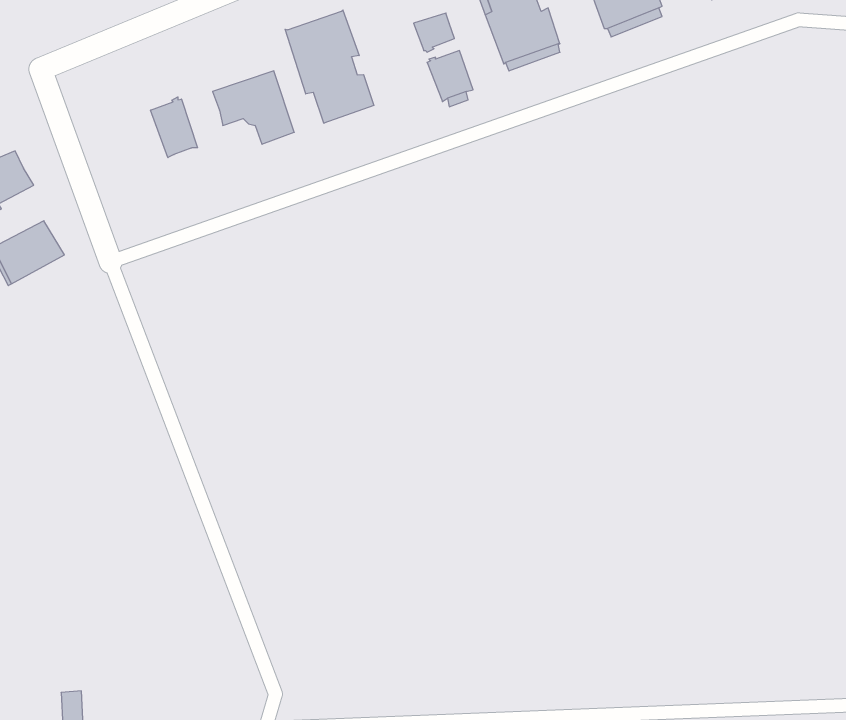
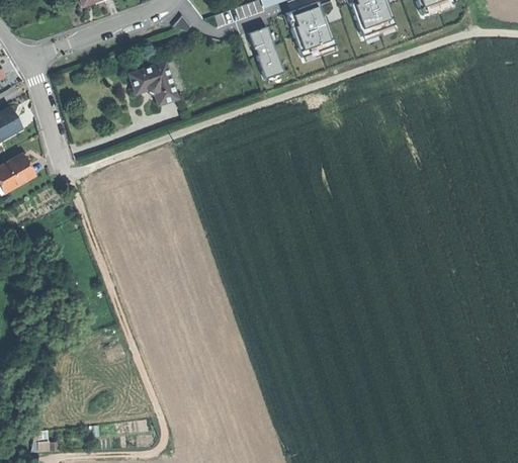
building: [285,10,374,123] -> none
building: [151,97,198,158] -> none

